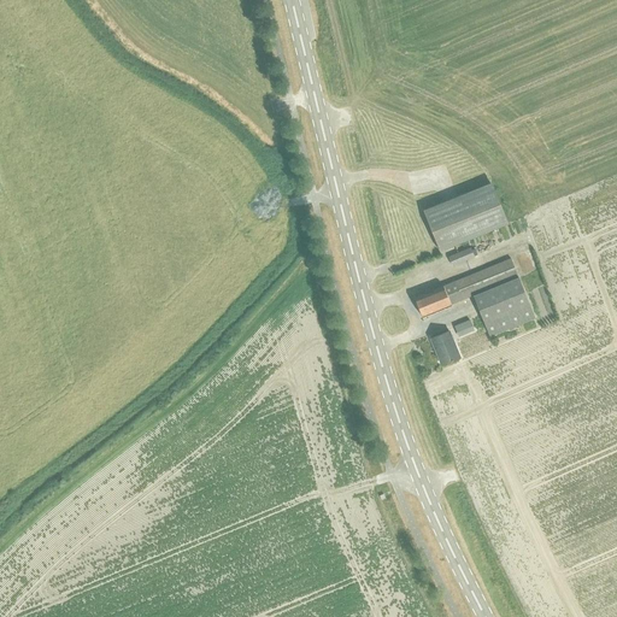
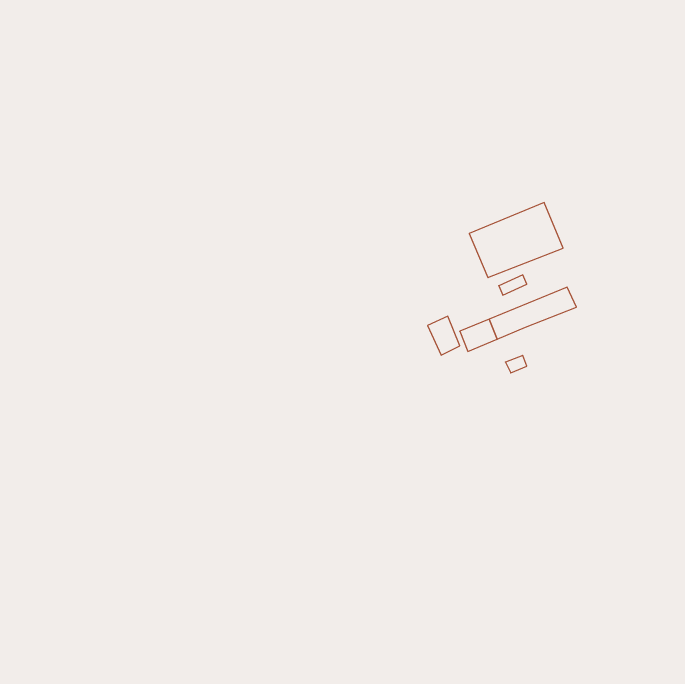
building: [472,277,536,336] -> none
building: [431,330,460,365] -> [428,316,460,355]

